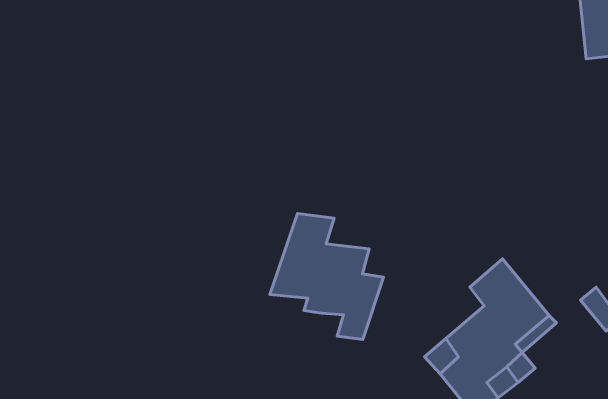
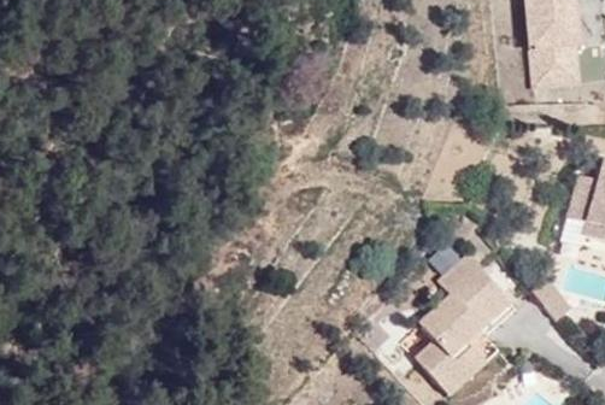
building: [270,213,383,340] -> none

